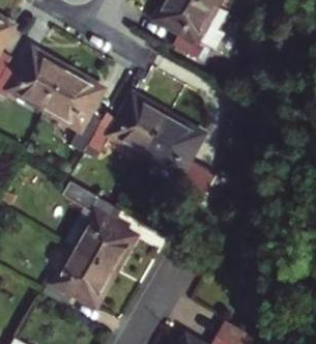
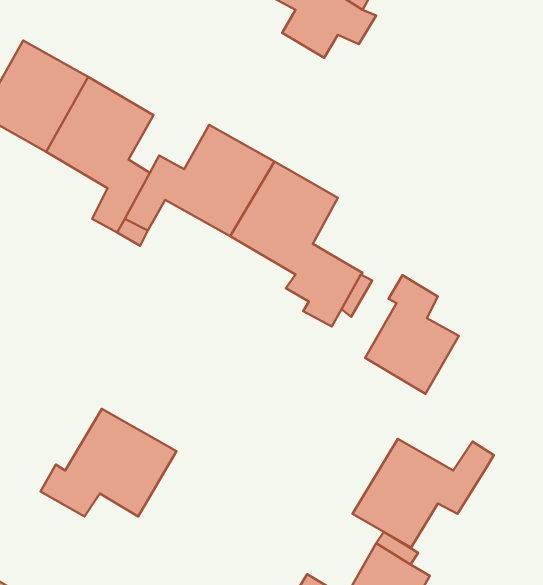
building: none -> [365,275,459,394]
building: [62,180,135,270] -> none
building: none -> [352,439,494,548]

